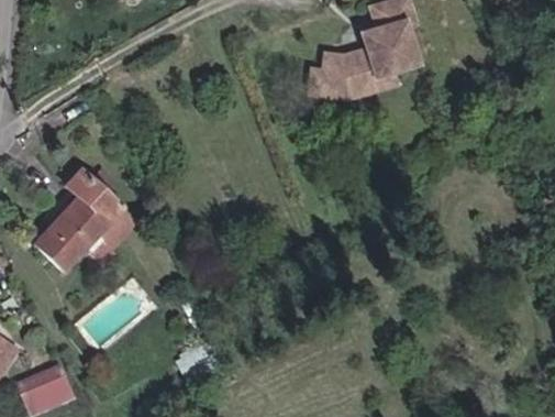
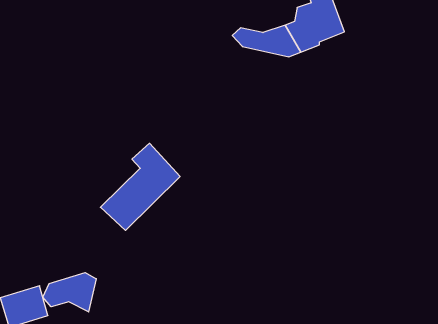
building: [30,171,124,274] -> [100,143,180,230]
building: none -> [43,273,96,312]

